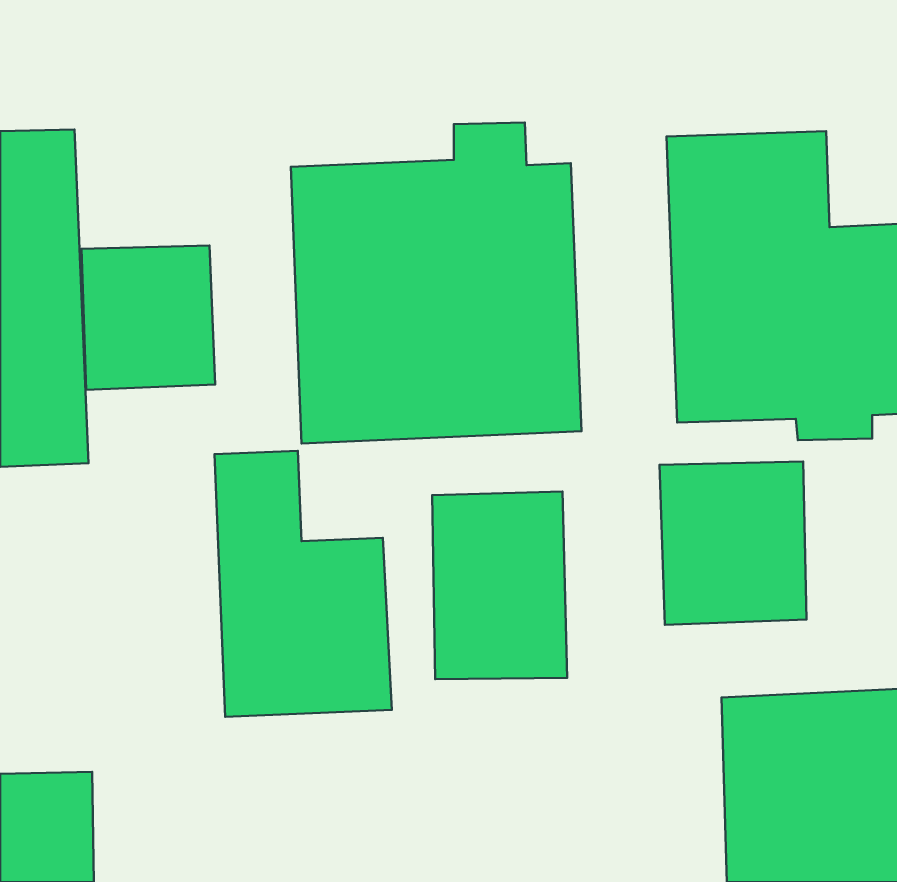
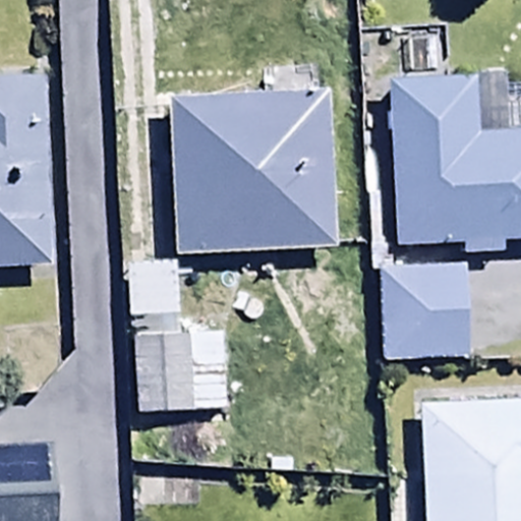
building: [82,245,215,390] -> none
building: [432,491,567,679] -> none

